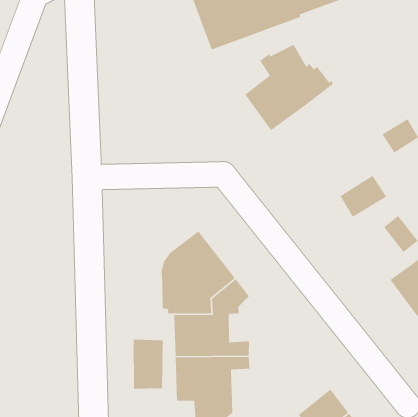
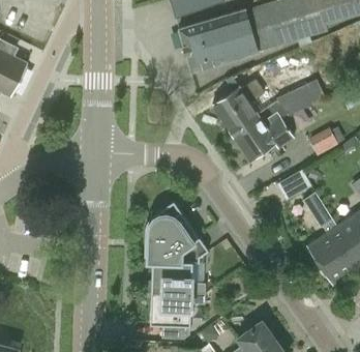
building: none -> [277,81,325,116]
building: none -> [231,105,295,160]
building: [133,339,163,390] -> none

